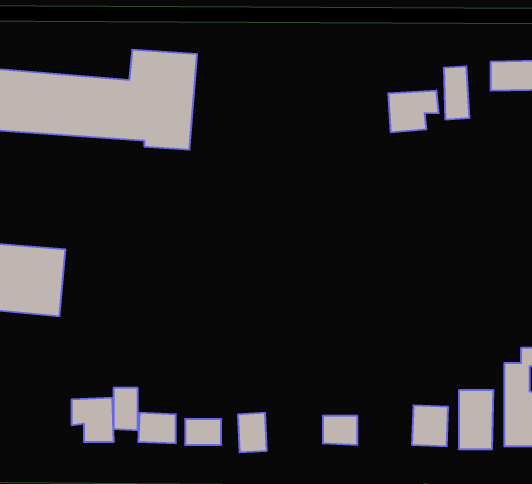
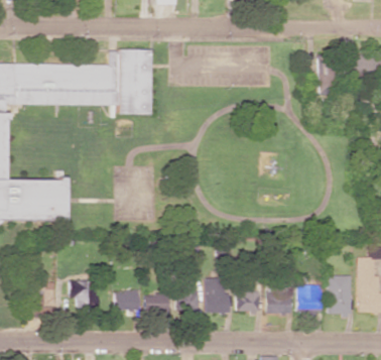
building: [388,90,439,132] -> none
building: [114,388,138,430] -> [38,281,54,310]
building: none -> [206,277,229,313]
building: none -> [266,284,291,313]

